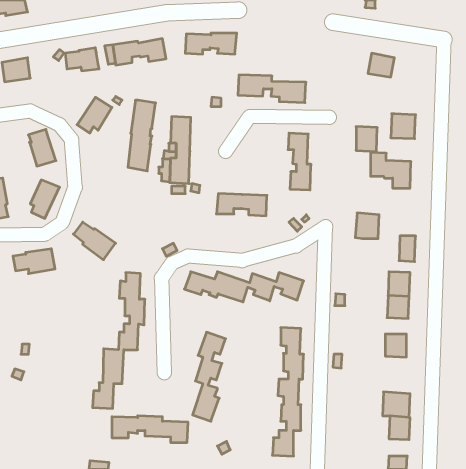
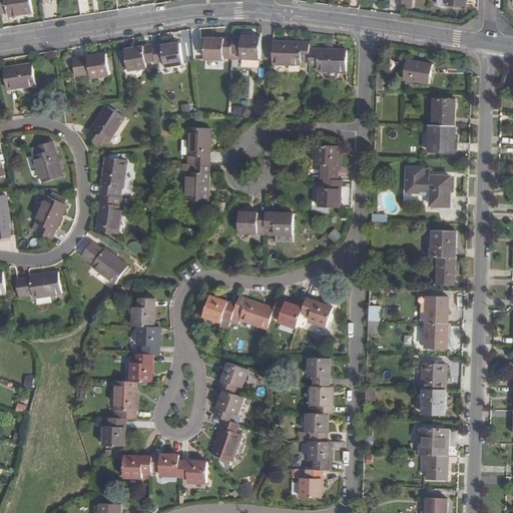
building: [238,75,306,103] -> [271,41,345,71]
building: [128,100,156,171] -> [95,157,125,234]
building: [356,127,377,151] -> [431,98,454,125]
building: [355,213,379,239] -> [429,229,455,258]
building: none -> [421,389,444,415]

